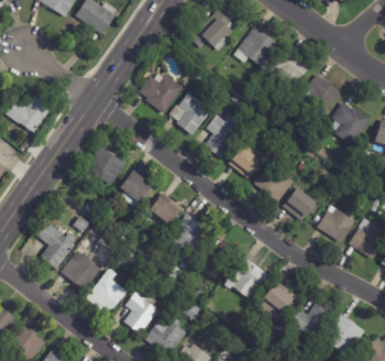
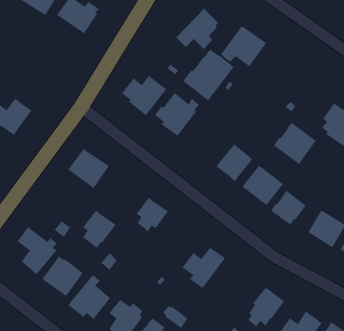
building: [272,50,310,87] -> none
building: [299,73,341,114] -> [273,122,316,165]
building: [196,107,246,157] -> [182,49,235,101]
building: [121,169,154,207] -> [82,210,116,249]
building: [167,212,211,252] -> none
building: [223,256,268,298] -> none

